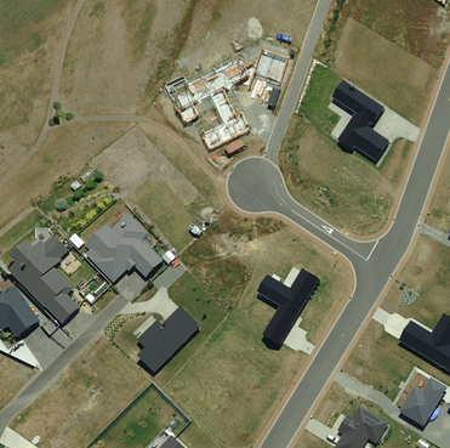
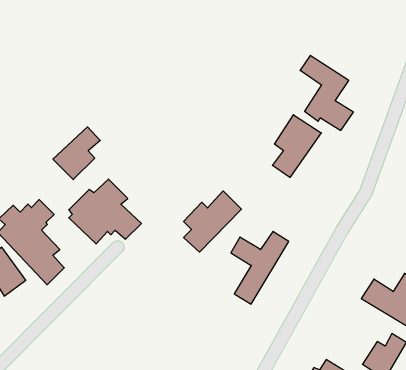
building: none -> [272,115,321,177]
building: none -> [53,127,100,180]
building: [137,305,199,370] -> [184,191,241,252]

